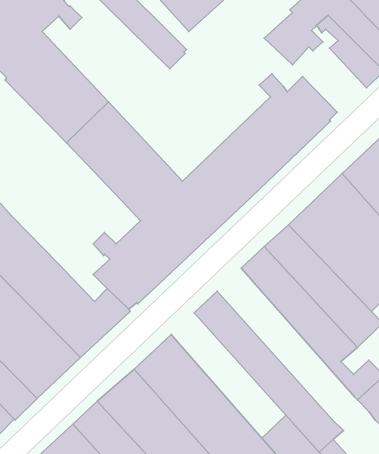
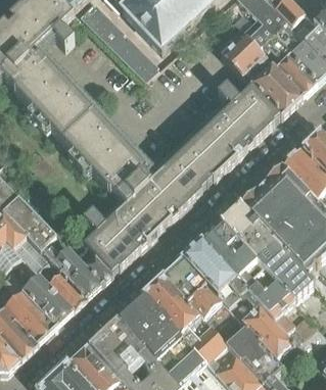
building: none -> [250,61,302,114]
building: none -> [183,237,293,357]
building: none -> [146,273,238,373]

